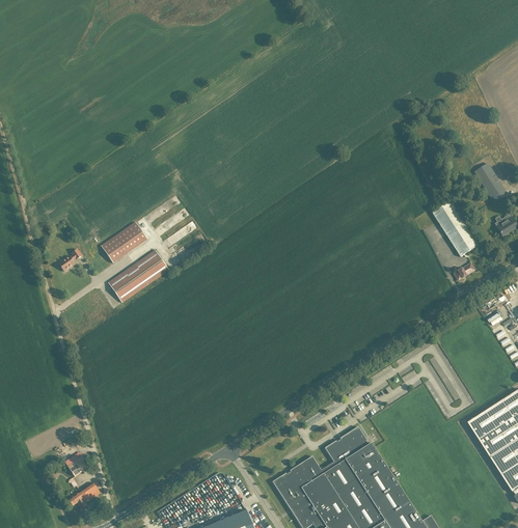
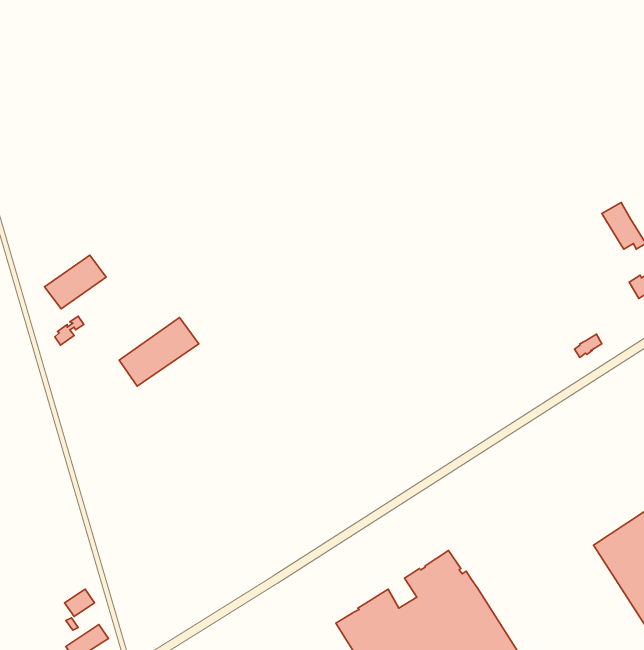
building: [432,202,479,258] -> none
building: [101,223,147,263] -> [45,255,106,309]

